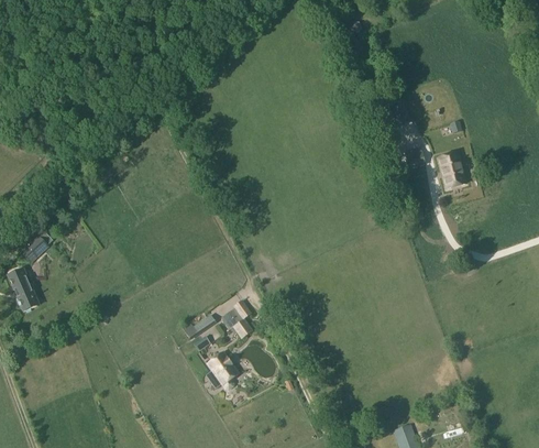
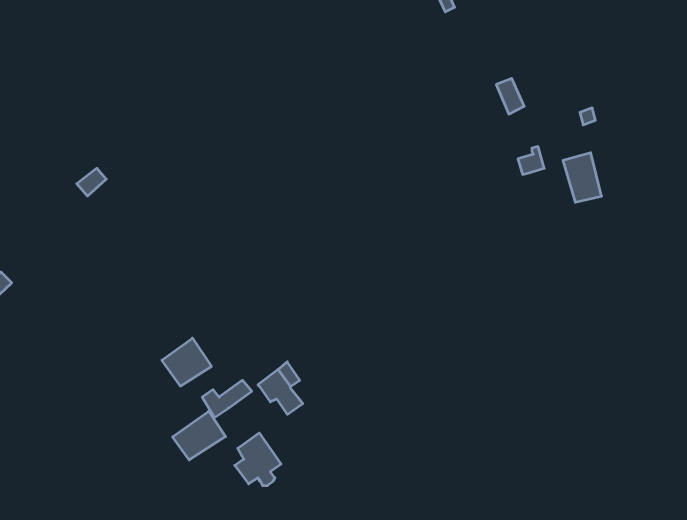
building: none -> [162,338,211,386]
building: none -> [173,411,226,460]

